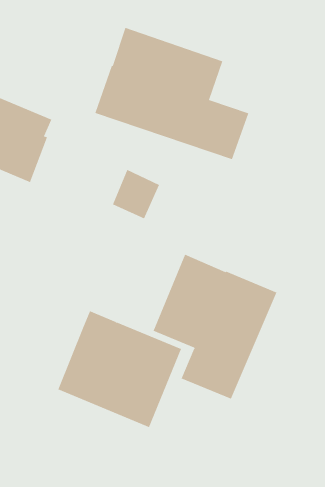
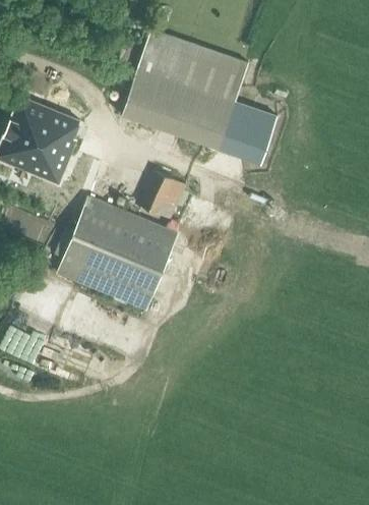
building: [153,254,277,400] -> none
building: [57,311,182,428] -> [57,195,179,311]

